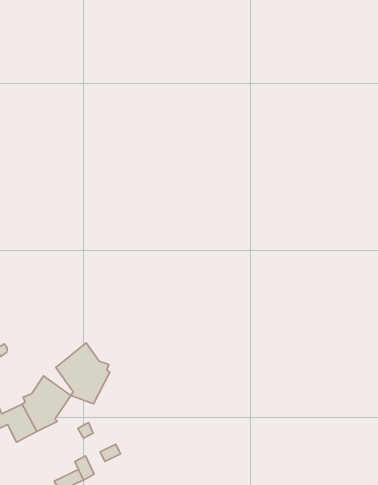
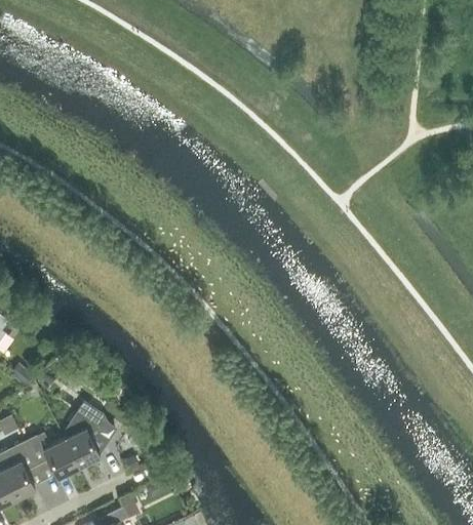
building: [56,343,110,404] -> none

